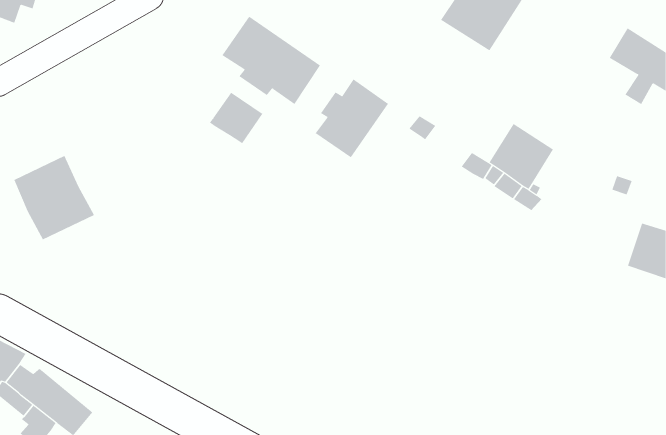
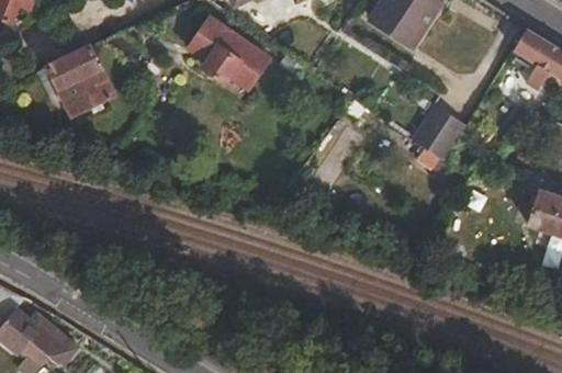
building: [315,78,389,158] -> none
building: [209,92,263,144] -> none
building: [14,155,95,240] -> [47,45,115,116]

